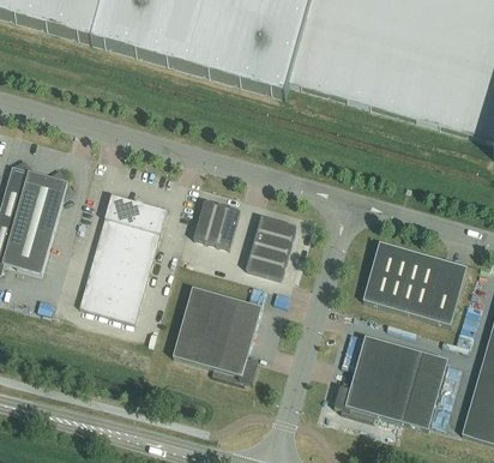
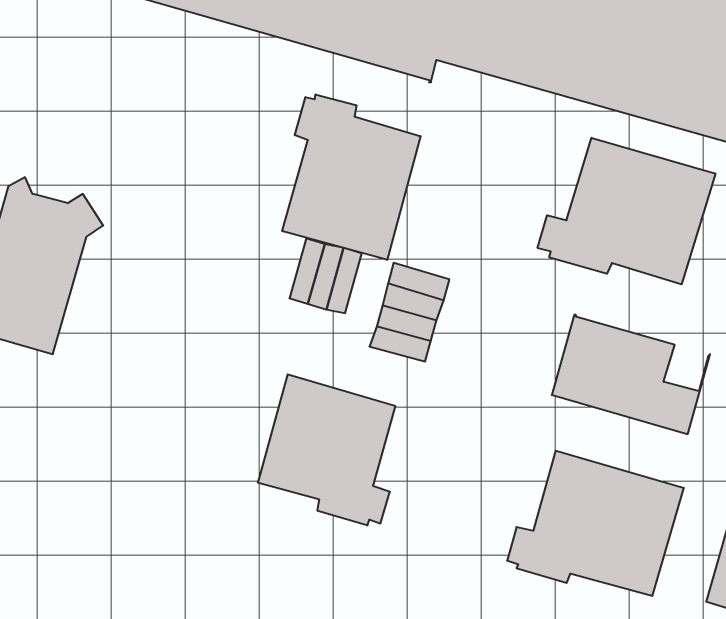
building: none -> [282,94,421,260]
building: none -> [538,138,715,284]
building: [80,192,168,320] -> none

